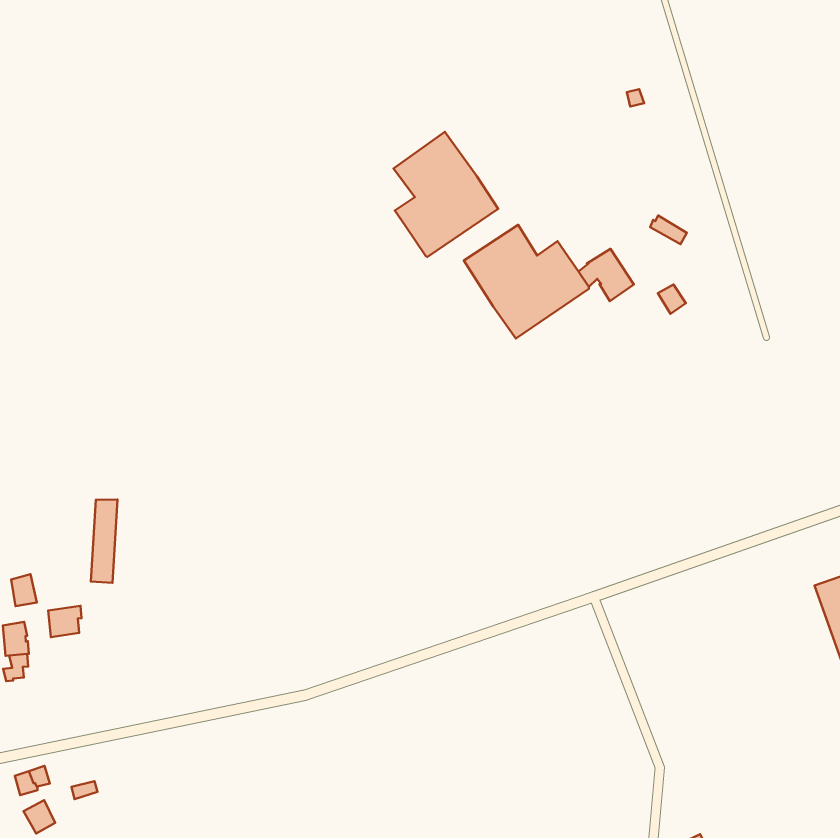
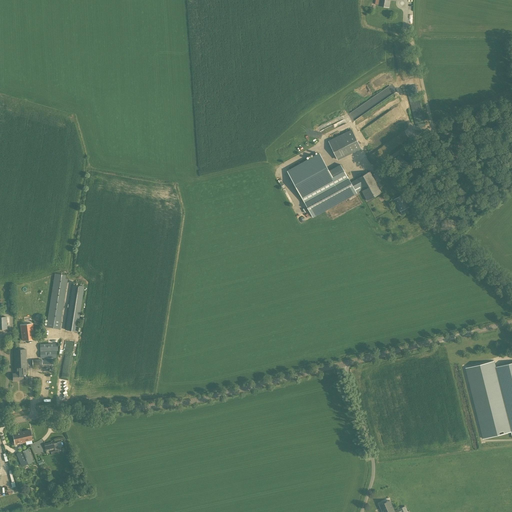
building: [393,132,498,257] -> none
building: none -> [327,129,360,160]
building: none -> [45,274,67,329]

